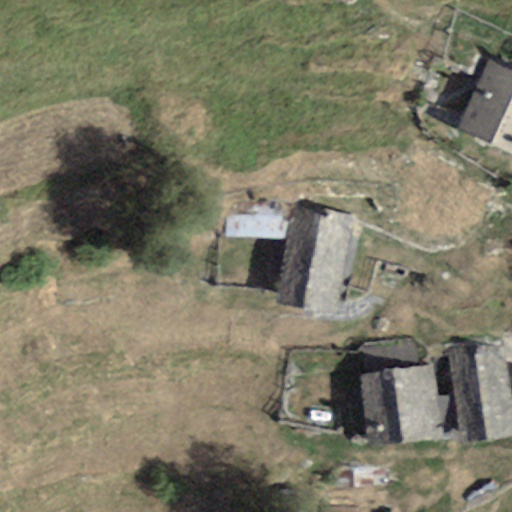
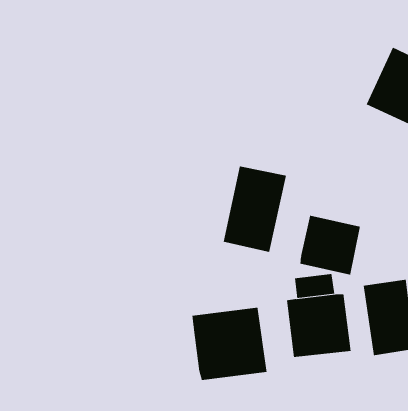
building: none -> [300,215,361,275]
building: none -> [192,307,267,381]

